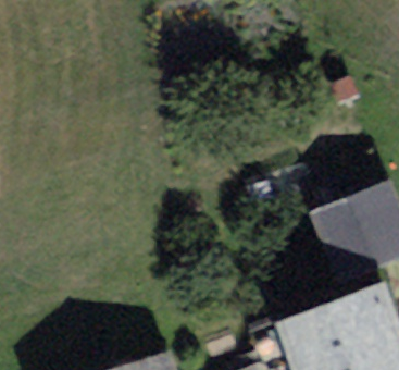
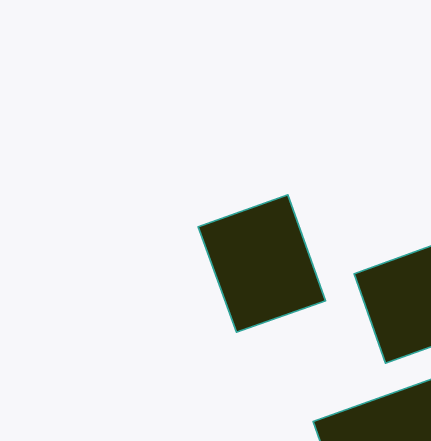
building: none -> [198,195,326,332]

